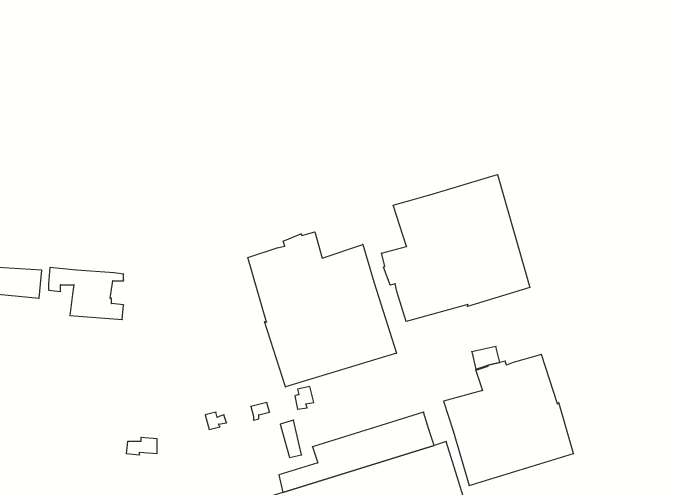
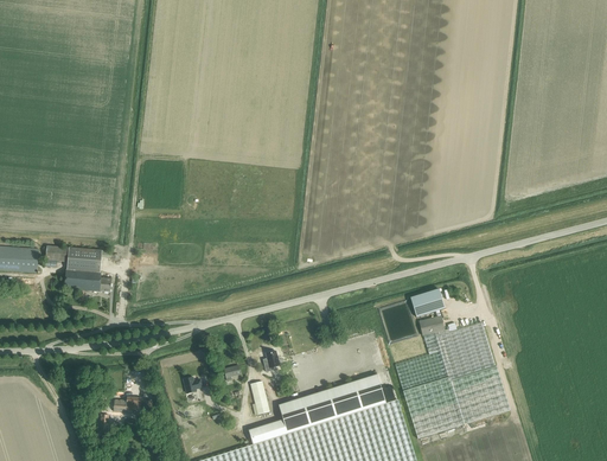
building: [381,175,530,321] -> none
building: [248,232,397,387] -> none
building: none -> [410,289,445,318]

